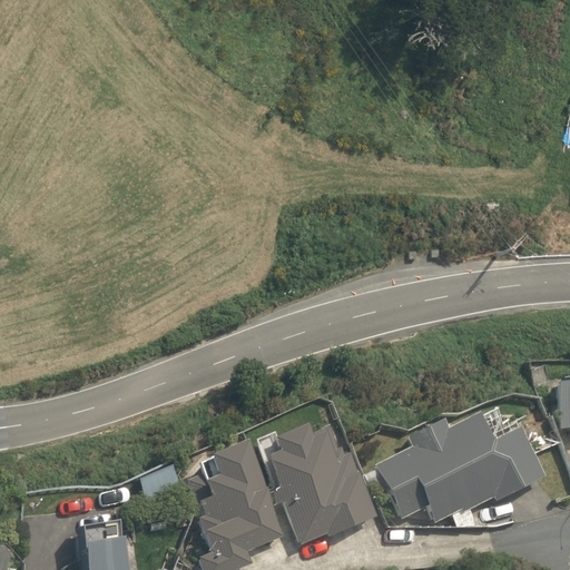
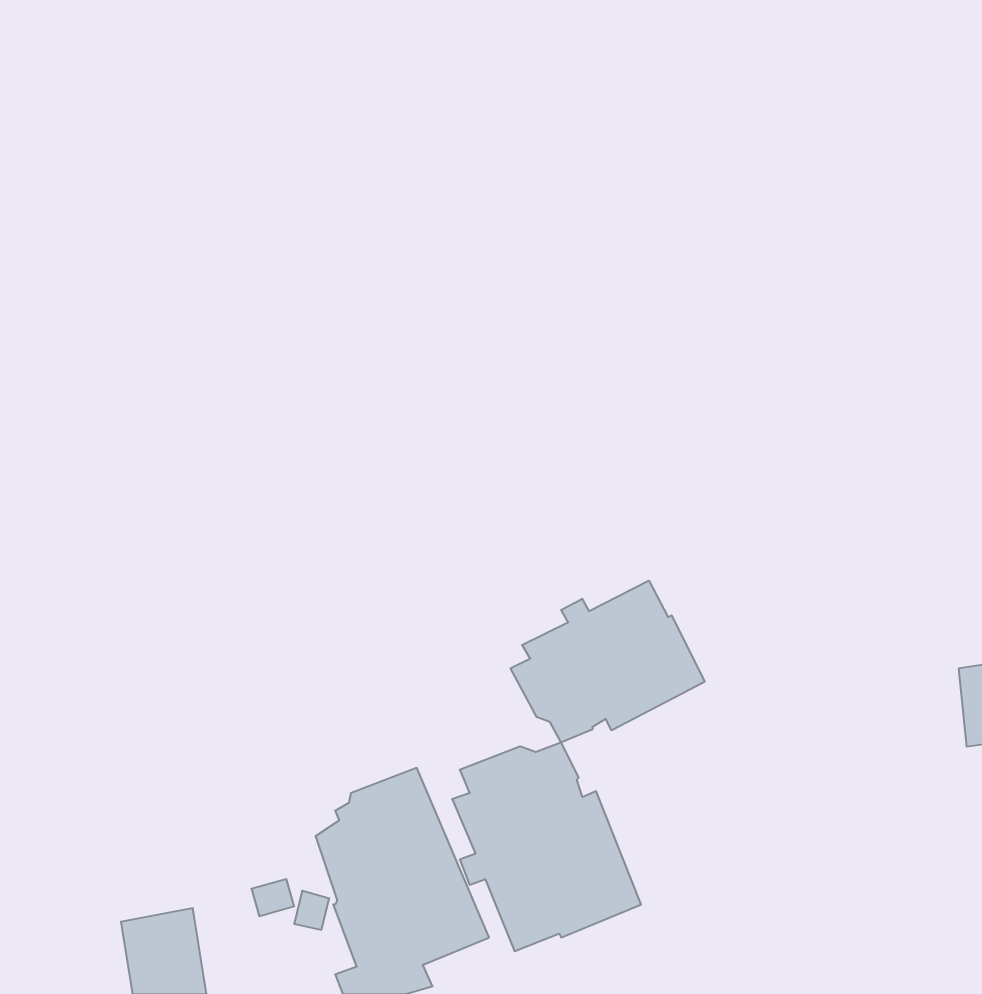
building: none -> [511,581,705,743]
building: [377,411,544,522] -> none

